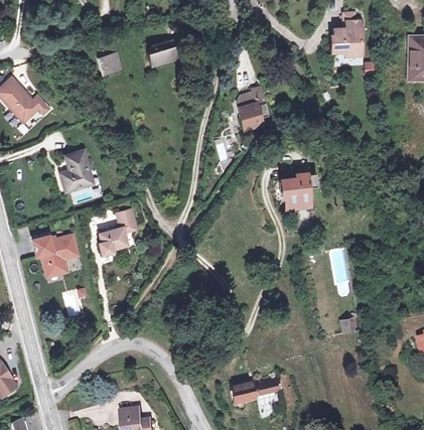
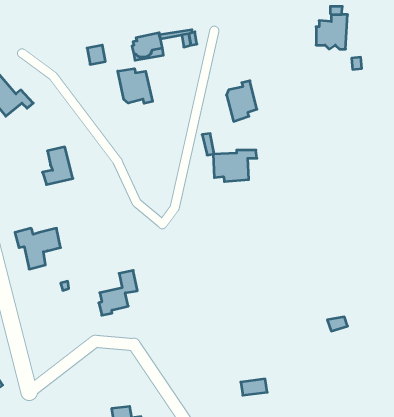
building: none -> [118,69,153,103]
building: [274,177,317,208] -> [213,150,257,182]
building: [92,211,130,256] -> [99,270,137,315]
building: [232,384,257,404] -> none

